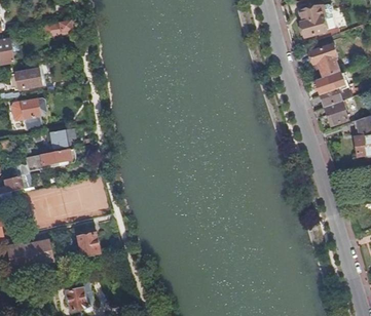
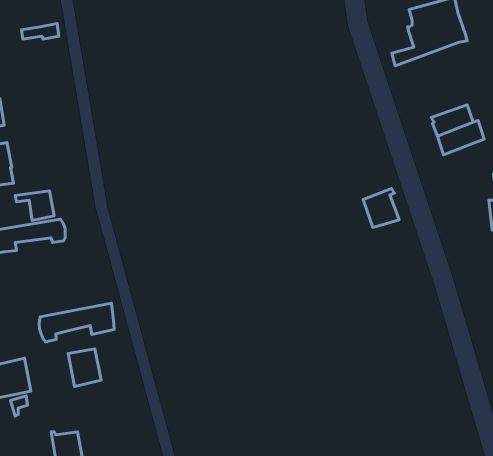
building: [309,44,338,77] -> none
building: [324,100,347,125] -> [363,188,399,228]
building: none -> [39,303,114,342]

